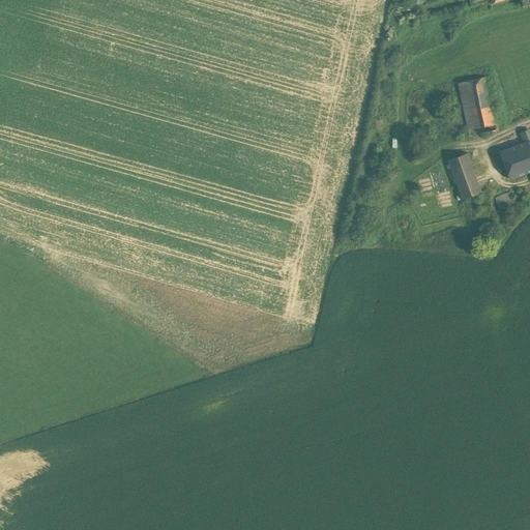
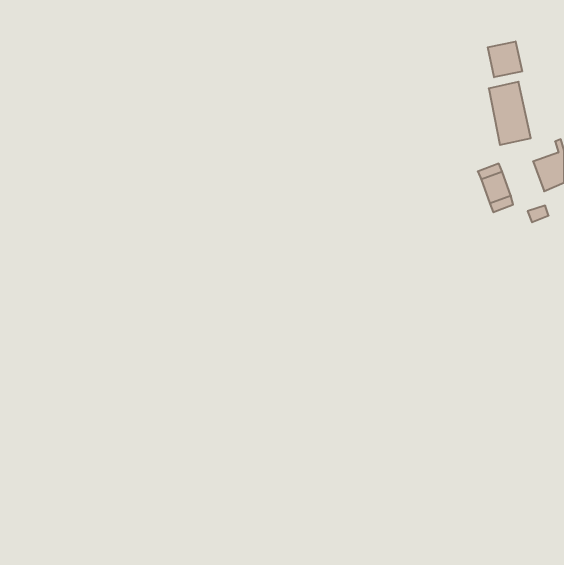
building: none -> [488,41,522,77]

